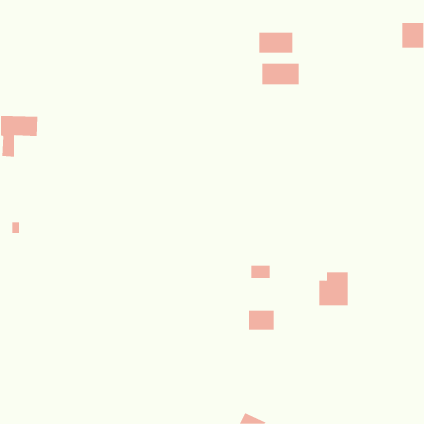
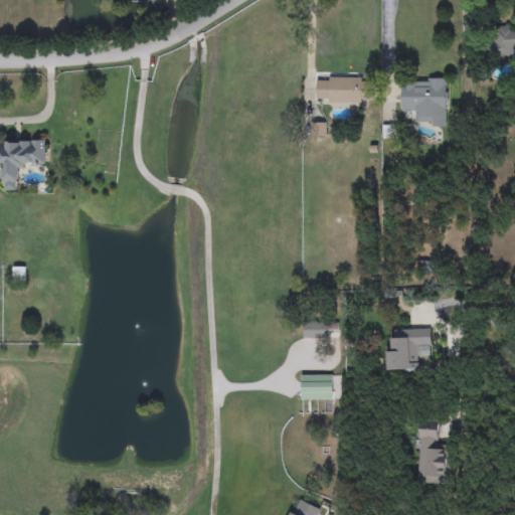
building: [259,32,293,54] -> none
building: none -> [401,78,447,117]
building: none -> [417,418,452,485]

